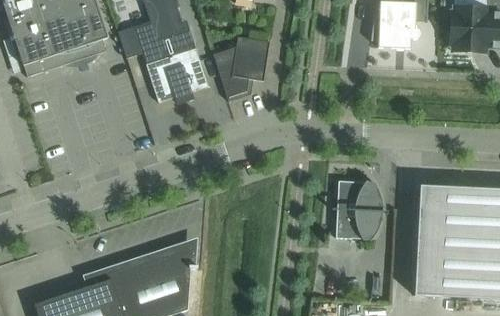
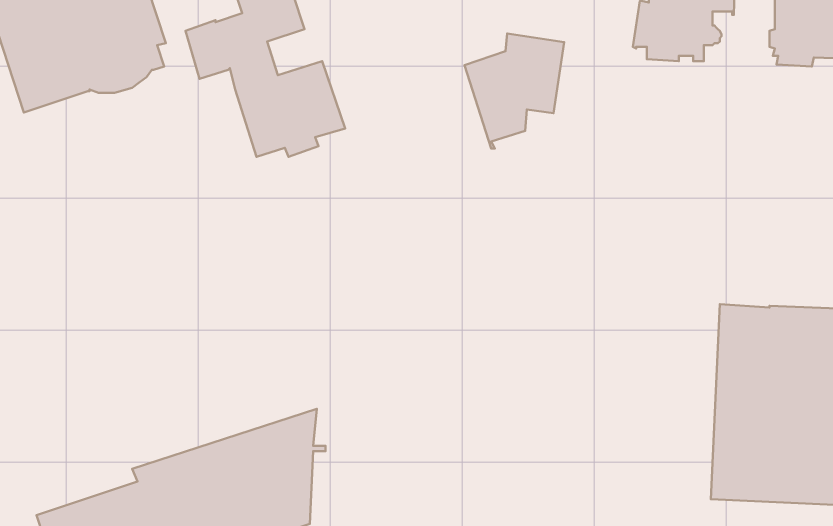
building: [213,35,269,100] -> [465,33,564,149]
building: [335,179,382,240] -> none

